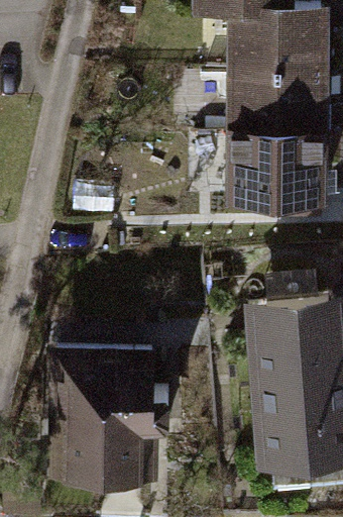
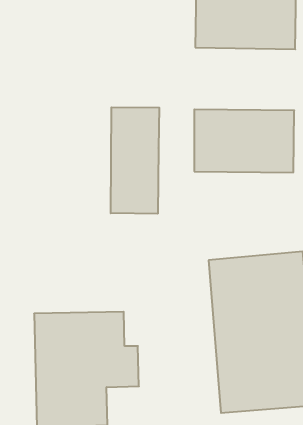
building: [227,82,334,148] -> none
building: none -> [111,107,159,214]

